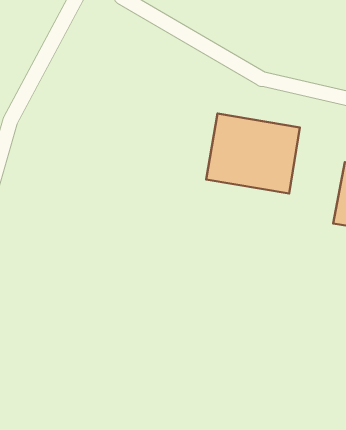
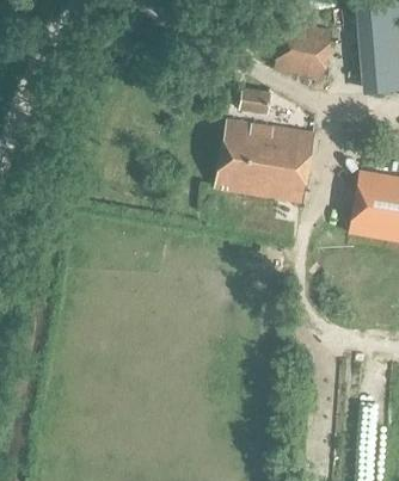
building: none -> [275,19,333,79]
building: none -> [239,86,272,115]

